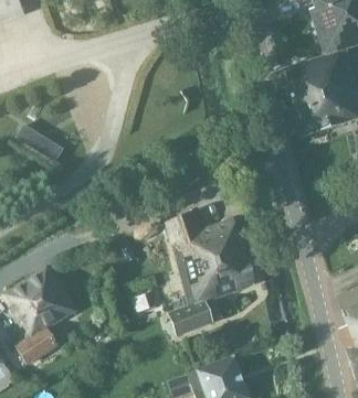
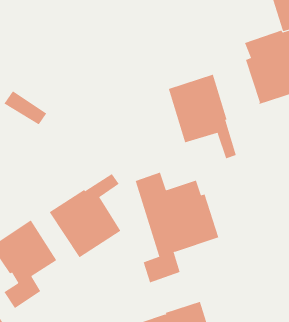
building: none -> [168,74,237,159]
building: none -> [49,173,121,258]

